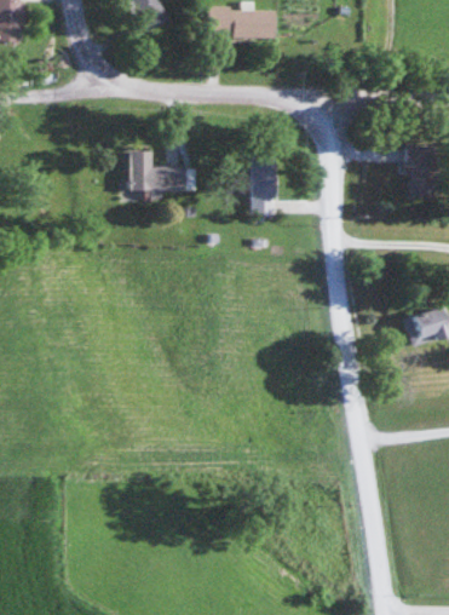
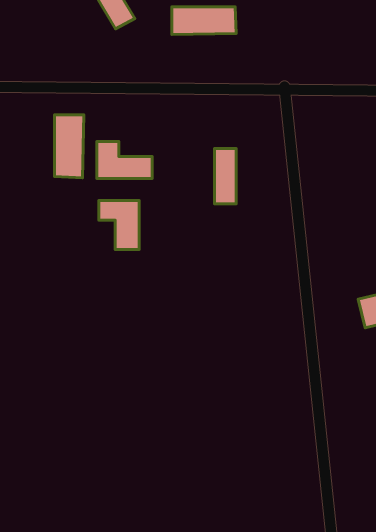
building: none -> [55,115,84,178]
building: none -> [99,201,139,250]

